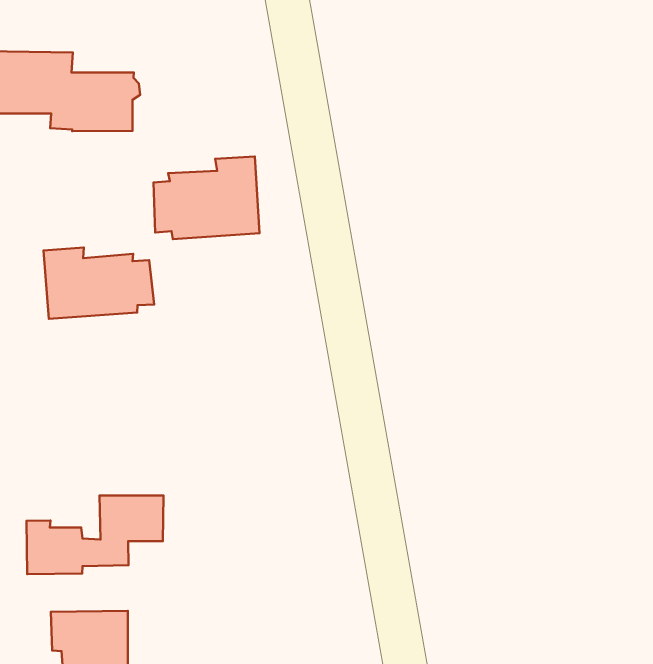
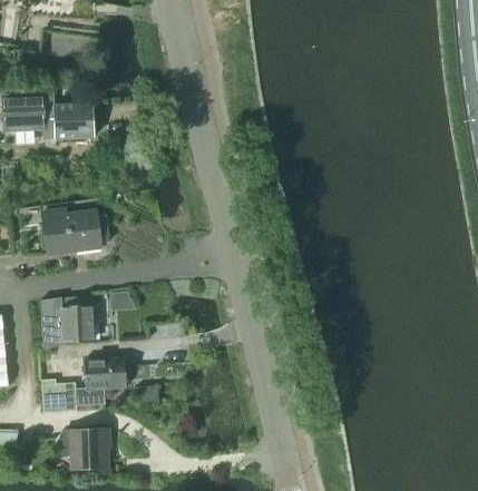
building: [154,157,259,239] -> none
building: none -> [41,297,95,345]

